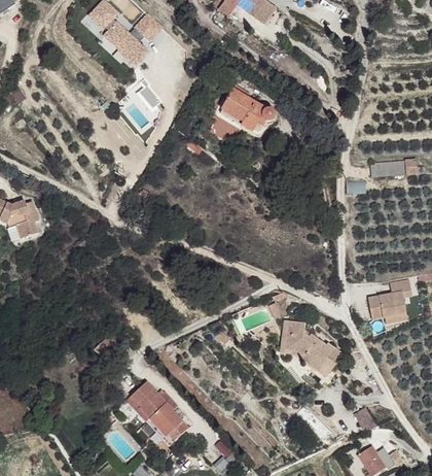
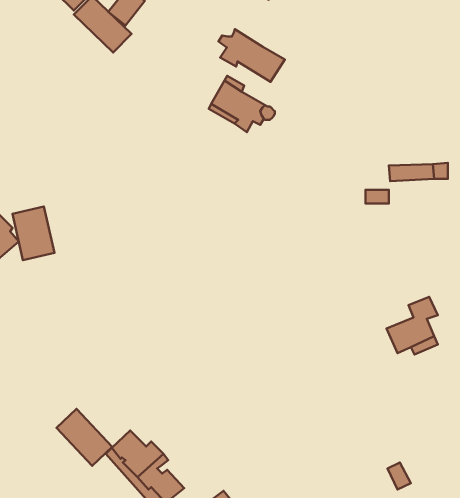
building: none -> [219,29,285,82]
building: none -> [13,207,54,260]
building: [288,324,347,386] -> none
building: none -> [57,409,112,466]

